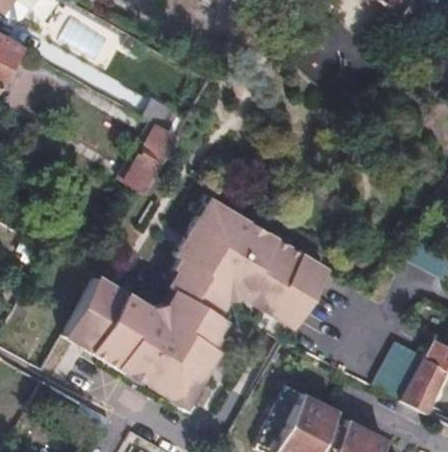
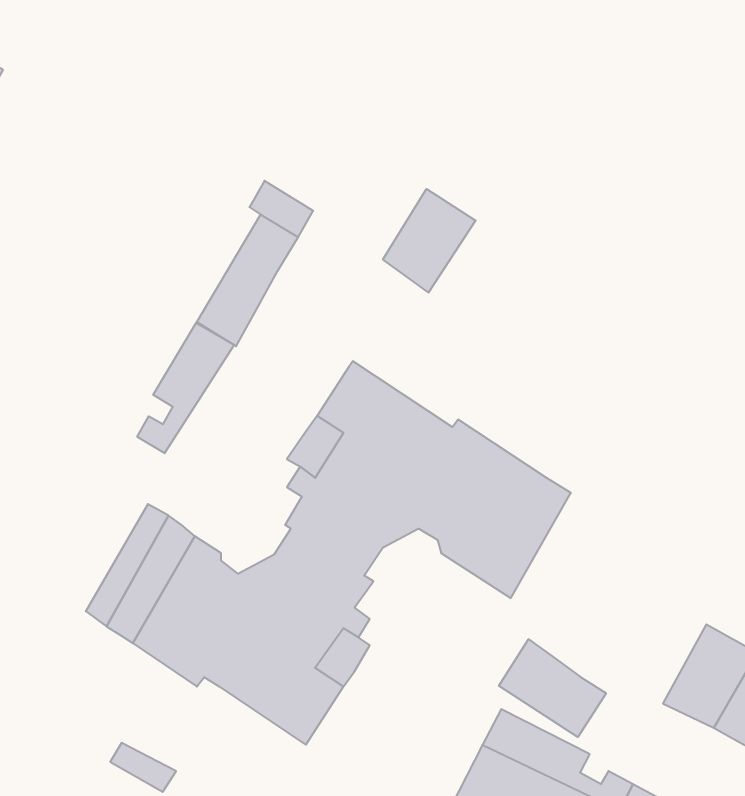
building: none -> [383,189,476,293]
building: none -> [137,323,234,453]
building: none -> [499,639,606,737]

